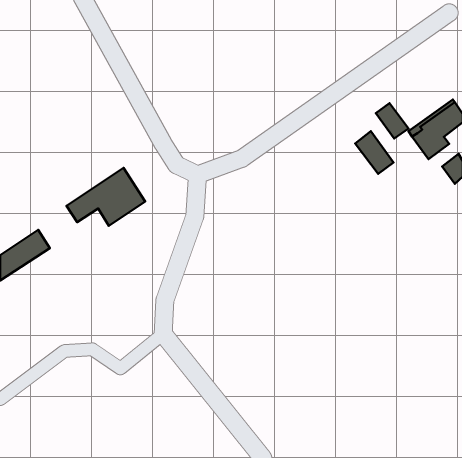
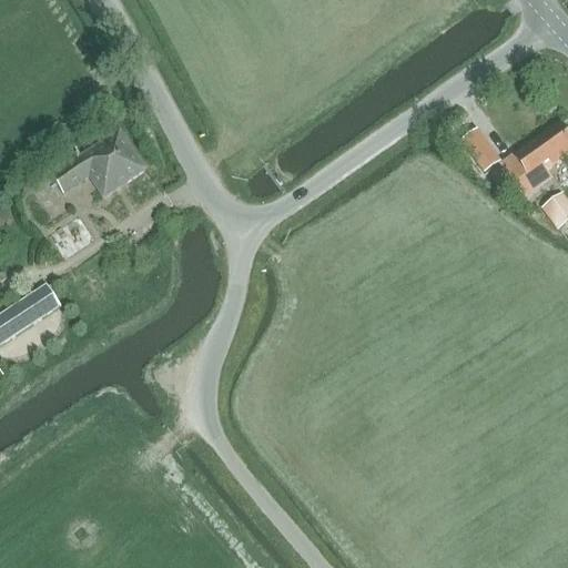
building: [355,131,393,174] -> none
building: [66,168,145,226] -> [50,126,146,197]

